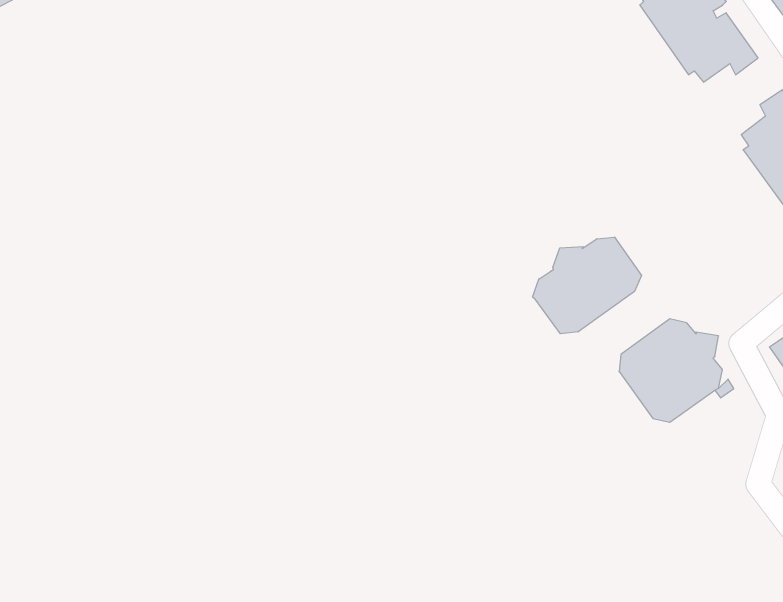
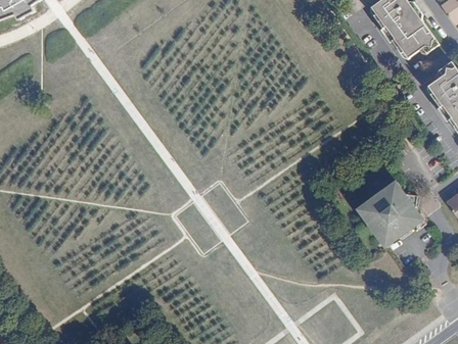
building: [532,237,642,334] -> none

